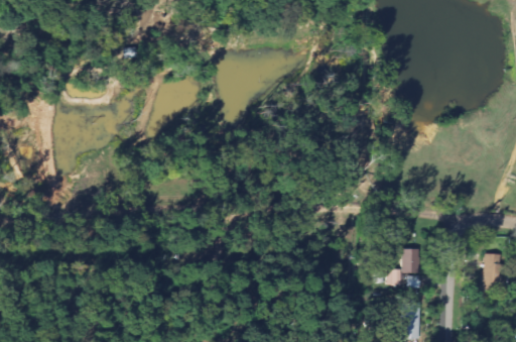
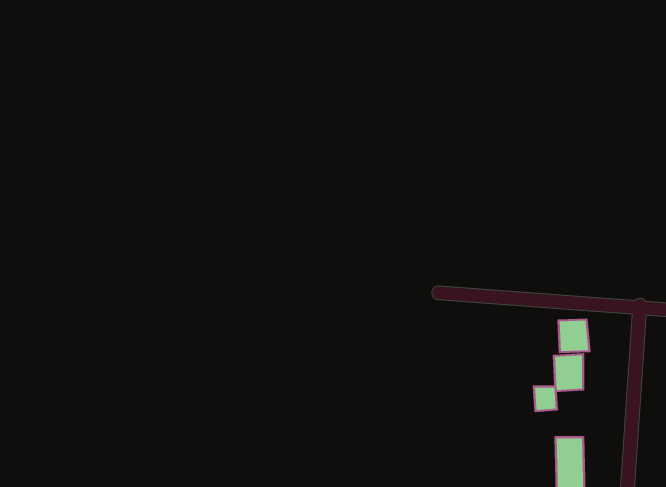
building: none -> [559,319,590,352]

